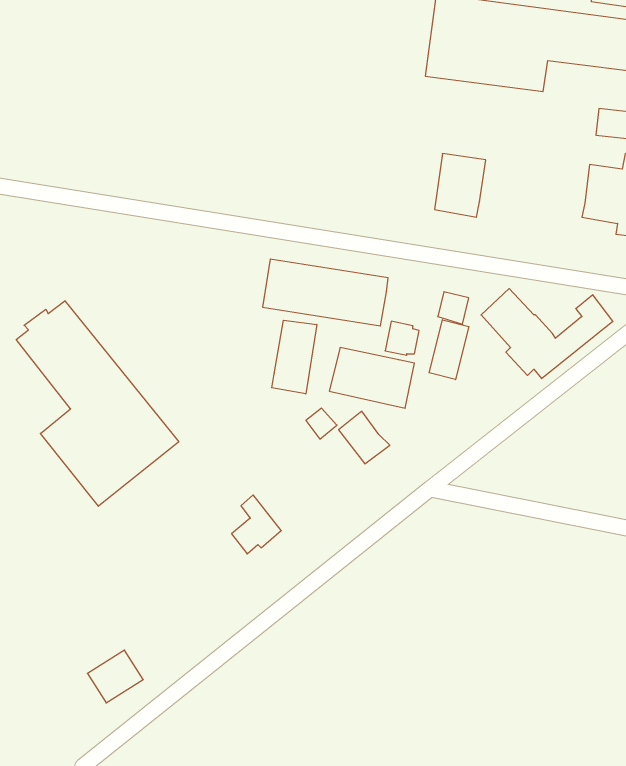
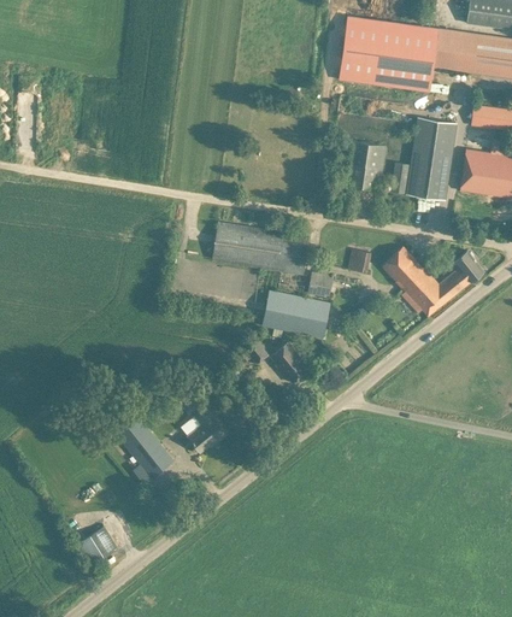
building: none -> [390,116,457,199]
building: [16,301,179,506] -> none
building: [429,320,469,380] -> none
building: [272,320,317,394] -> none
building: none -> [112,411,173,477]

